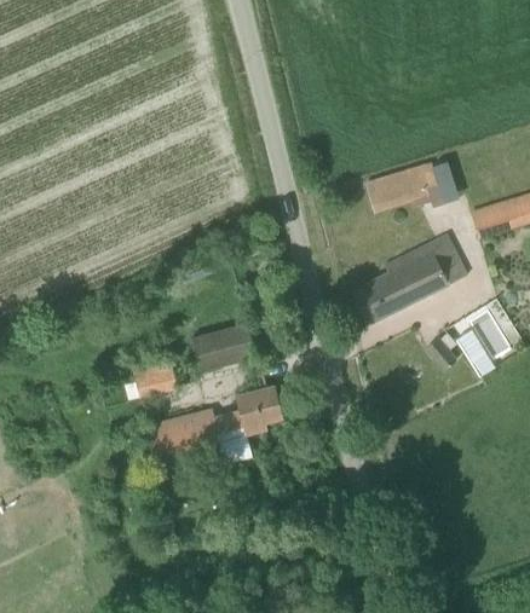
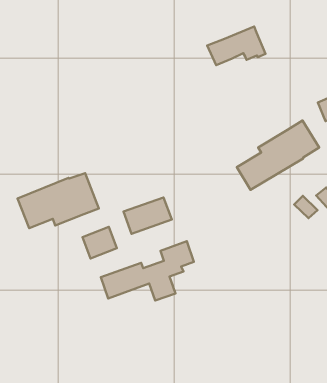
building: [367,163,445,212] -> [207,26,265,65]
building: none -> [18,173,99,228]

